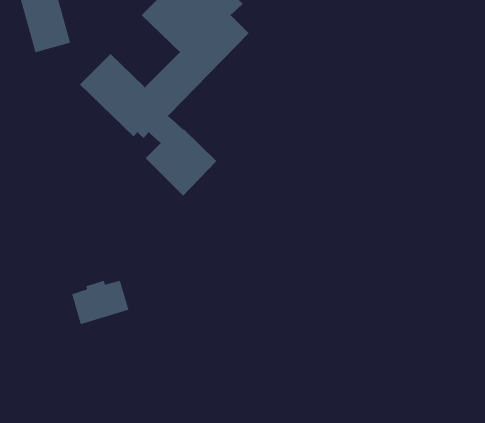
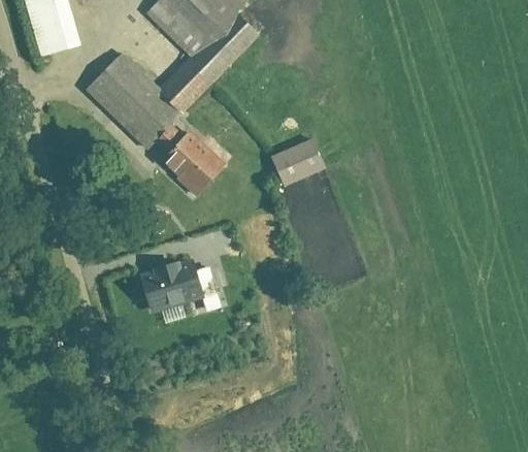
building: none -> [275,142,317,175]
building: [71,280,130,325] -> [134,260,194,306]

